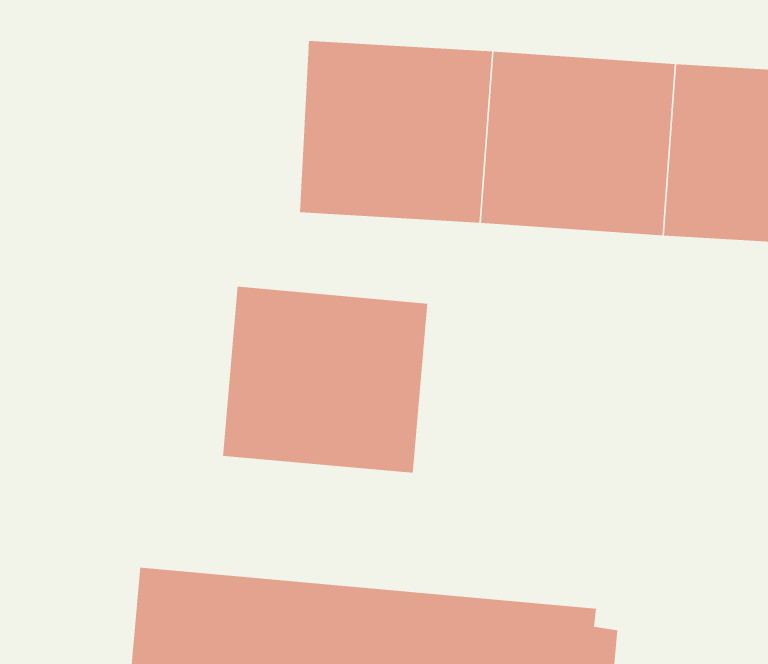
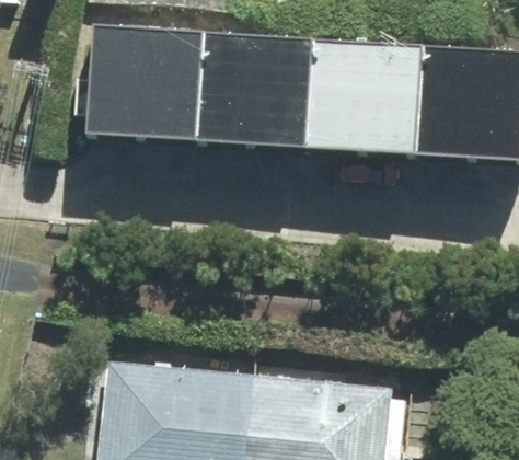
building: none -> [91,30,208,141]
building: [222,286,428,474] -> none

